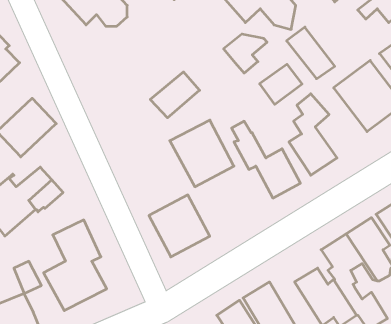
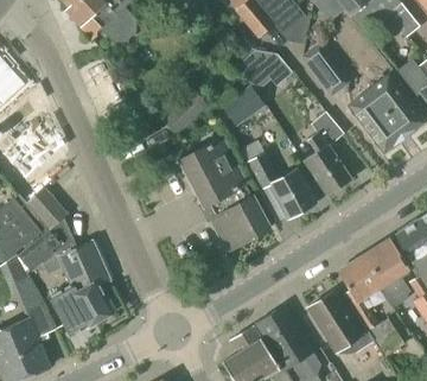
building: [260,64,302,104] -> [221,85,265,127]
building: [149,195,210,257] -> [205,186,268,250]
building: none -> [18,229,63,272]

